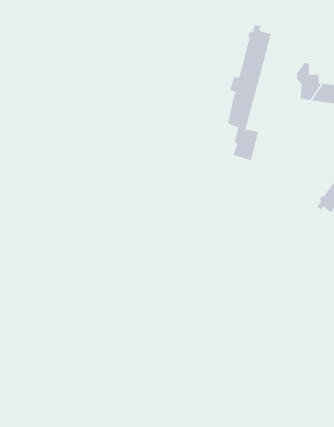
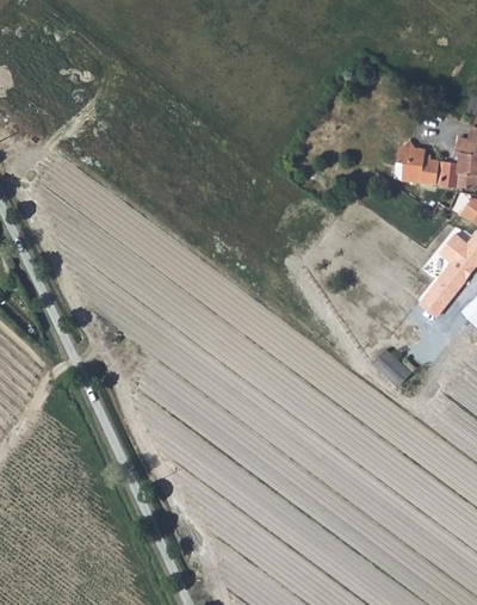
building: [227,24,272,161] -> none
building: none -> [373,350,408,387]

